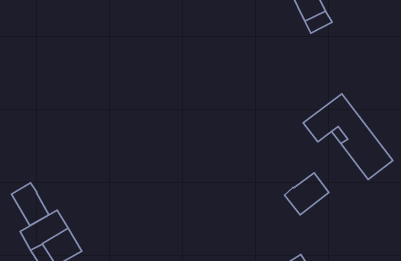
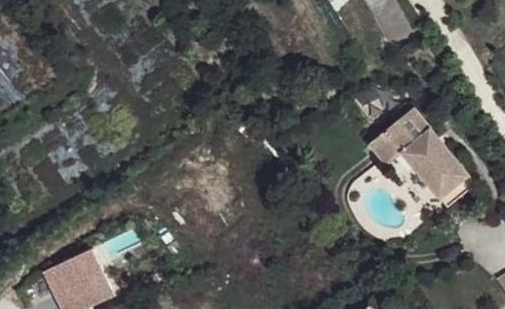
building: [284,173,329,215] -> none
building: [12,183,49,225] -> none

